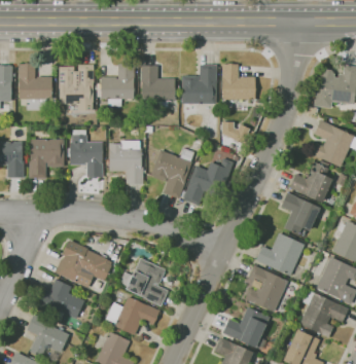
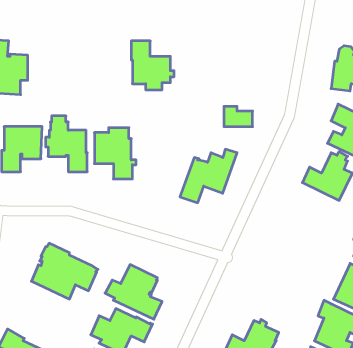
building: [101,64,134,106] -> none
building: [221,64,255,100] -> none
building: [59,65,94,110] -> none
building: [181,65,216,104] -> none
building: [150,148,193,198] -> none
building: [281,192,319,234] -> none
building: [255,232,304,276] -> none
building: [245,264,287,312] -> none
building: [36,279,84,319] -> none

